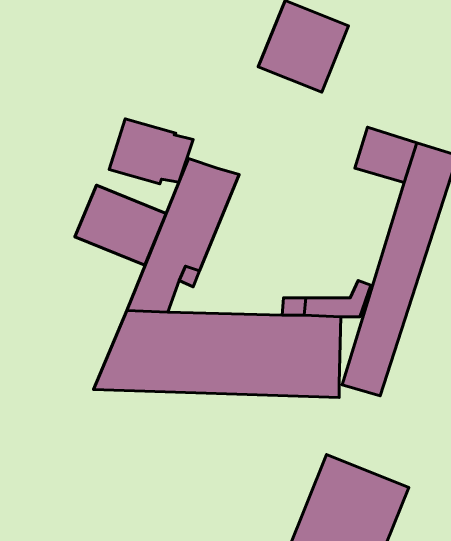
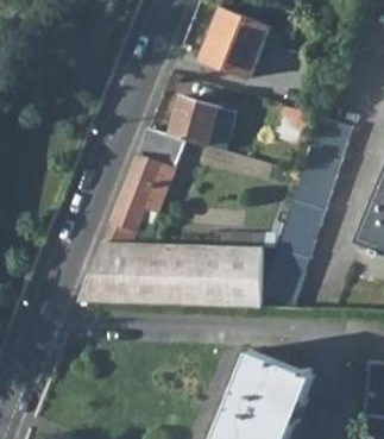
building: [109,119,193,184] -> [168,96,231,145]
building: [75,185,166,265] -> none

